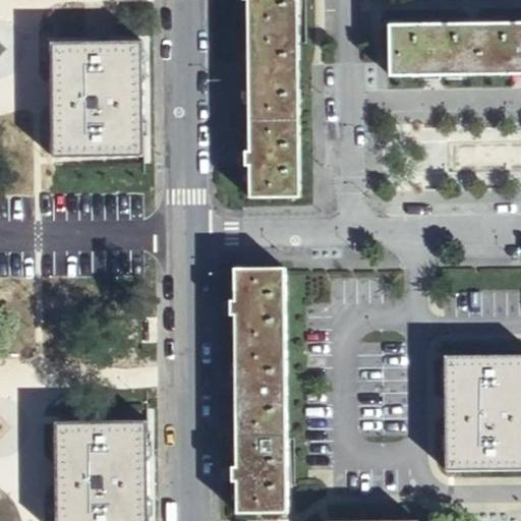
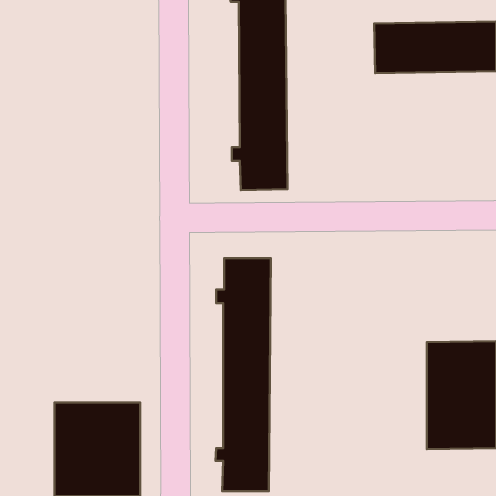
building: [51,41,142,155] -> none

